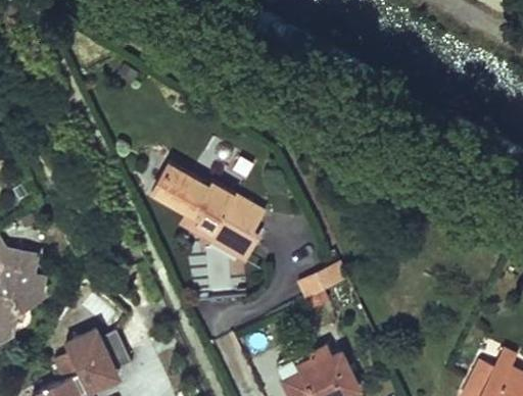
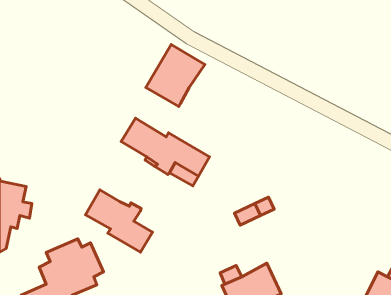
building: none -> [146,45,205,106]
building: none -> [86,190,152,252]

